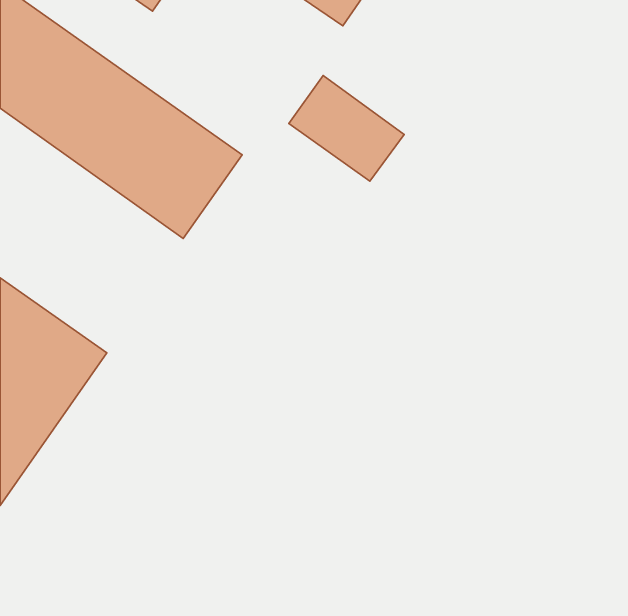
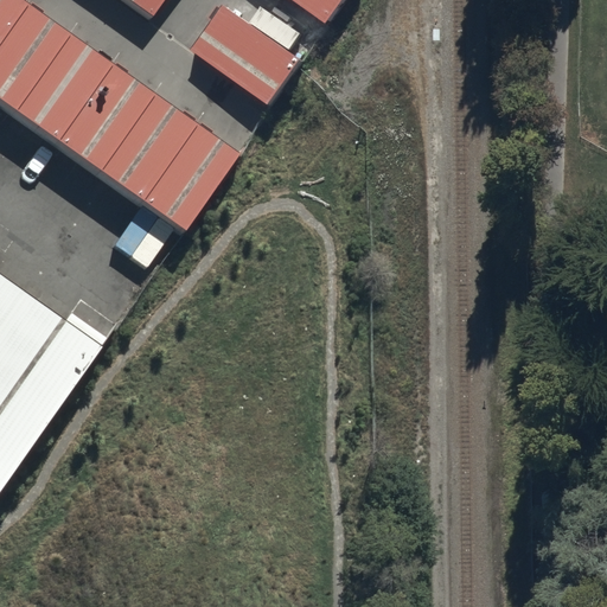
building: [289,76,404,181] -> [192,5,304,107]

